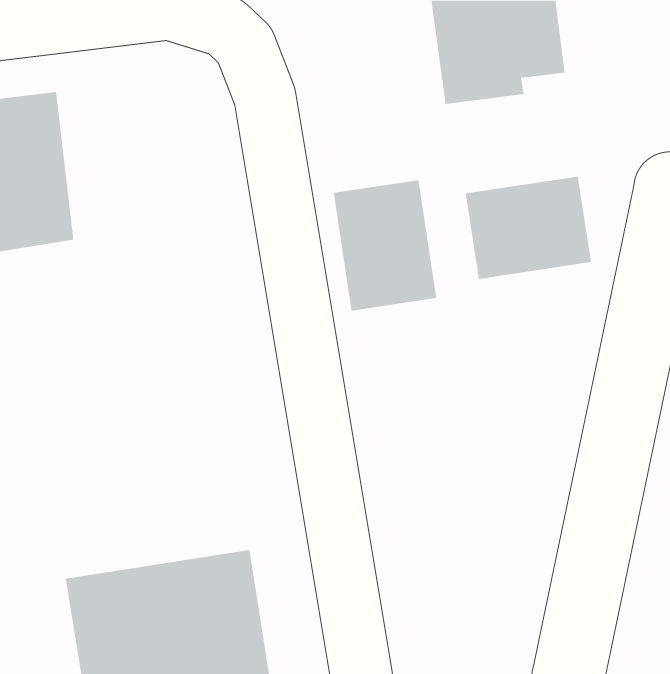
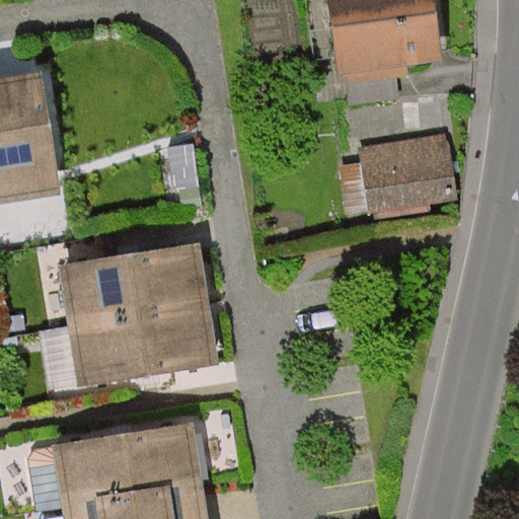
building: [333,179,437,311] -> none
building: none -> [57,243,217,387]

